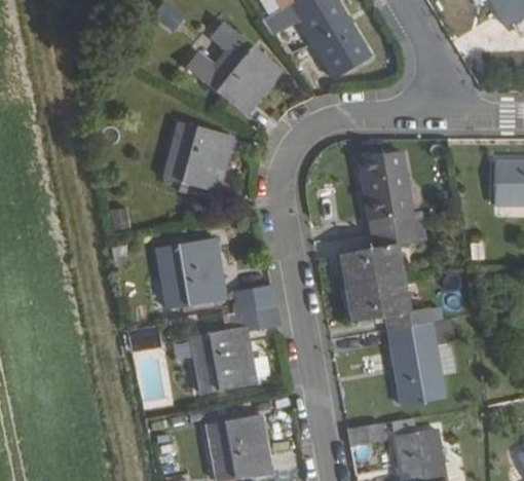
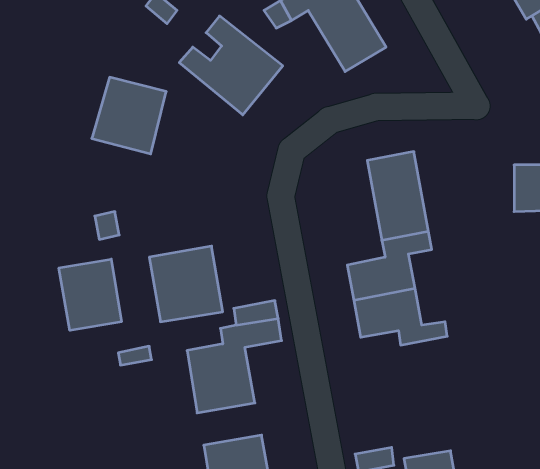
building: [164,122,233,193] -> [92,77,166,154]
building: none -> [59,259,121,330]
building: [389,322,447,407] -> none

